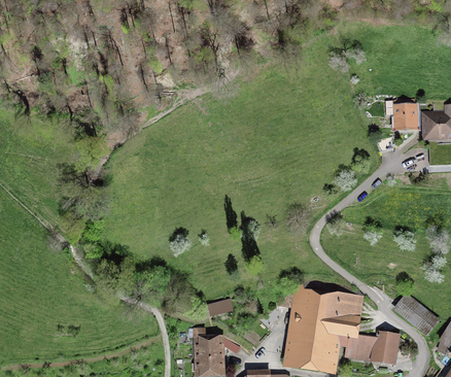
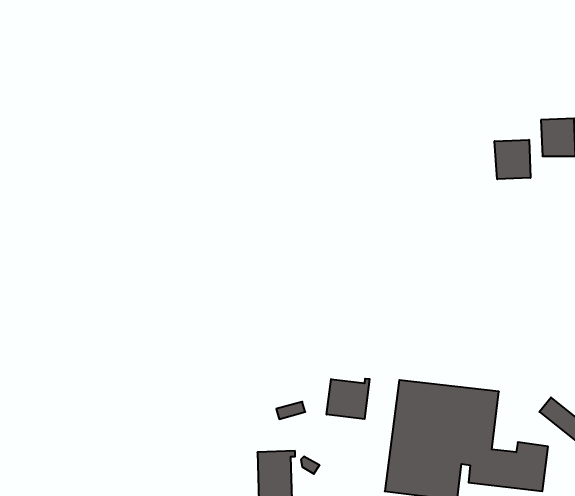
building: none -> [495,140,530,179]
building: none -> [327,379,370,419]

